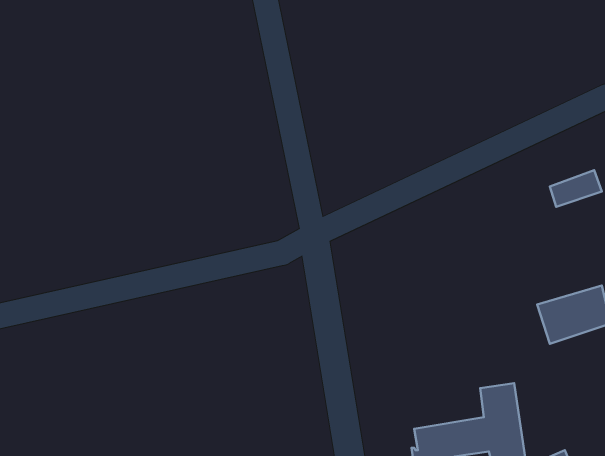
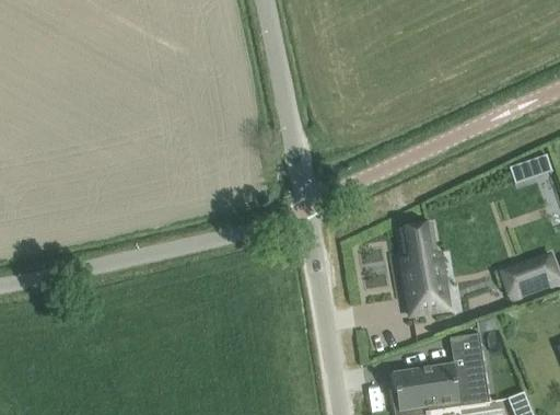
building: none -> [399,223,448,315]

